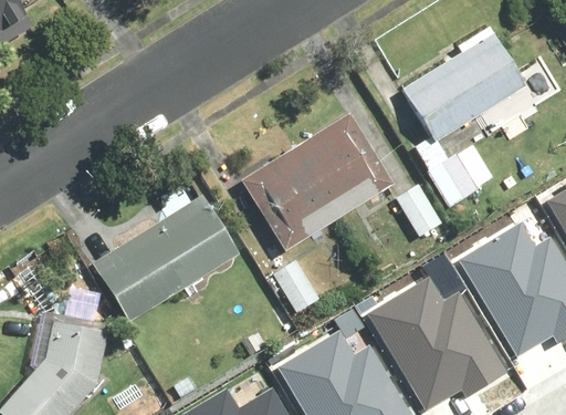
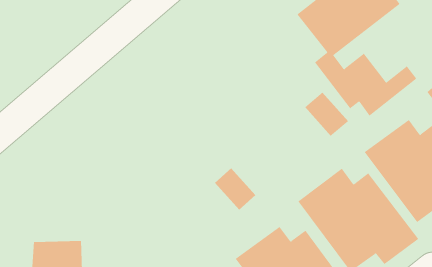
building: [239,111,395,250] -> none
building: [90,196,238,321] -> none

